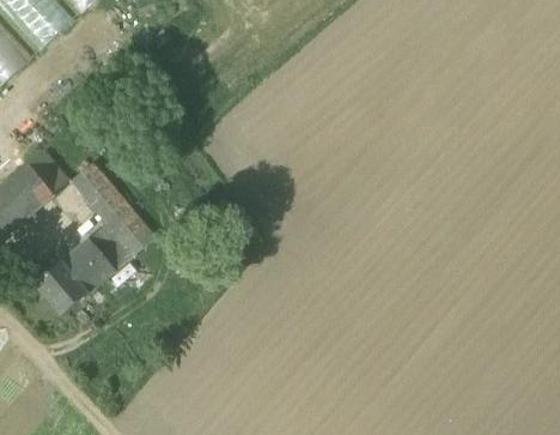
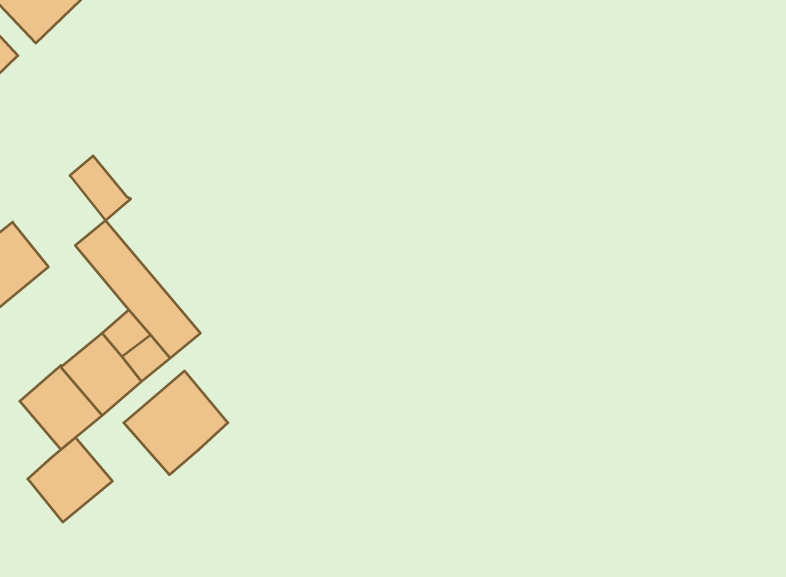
building: [25,152,66,195] -> [70,156,131,220]
building: none -> [124,371,228,475]
building: none -> [28,438,112,522]

